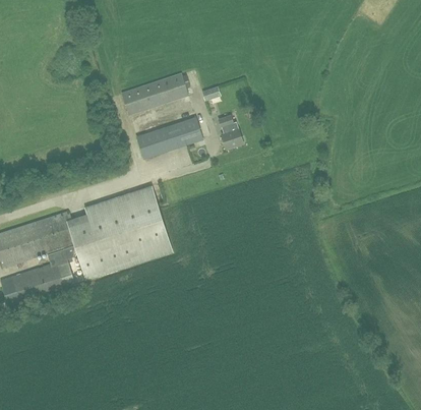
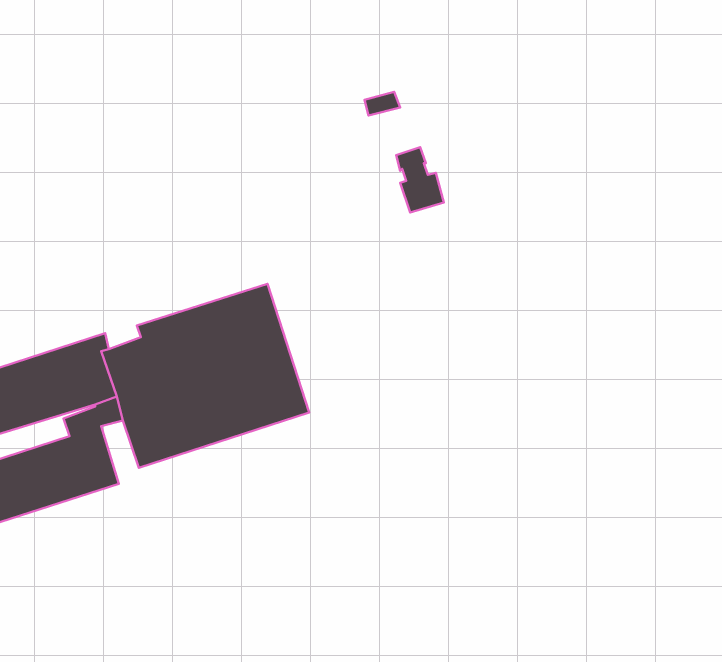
building: [121,73,189,115] -> none
building: [135,116,202,159] -> none

